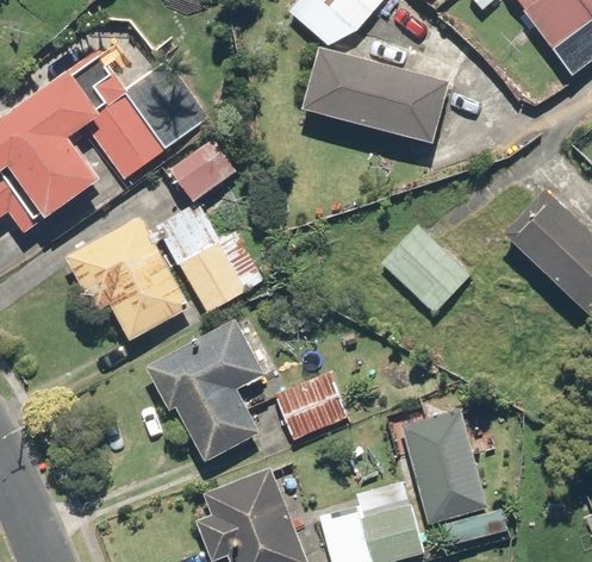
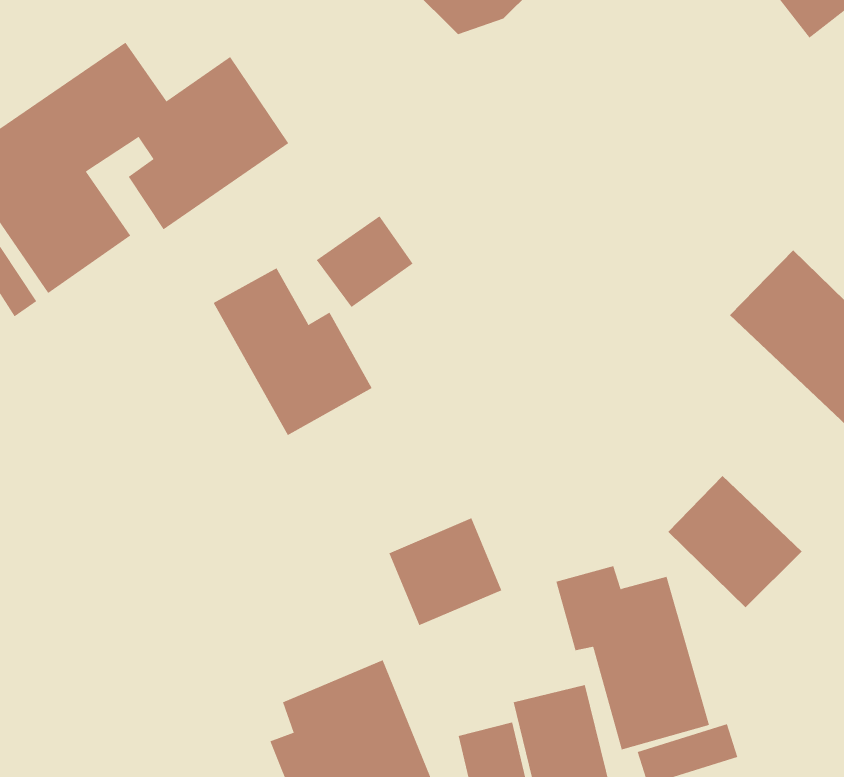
building: [303,48,450,144] -> none
building: [169,139,235,201] -> [316,216,413,308]
building: [66,217,189,341] -> none
building: [380,225,471,314] -> [668,475,802,608]
building: [144,318,267,463] -> none

